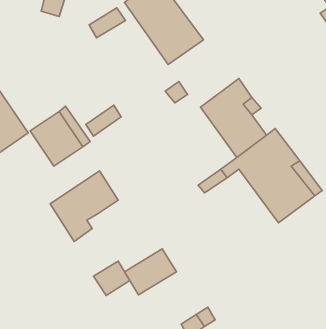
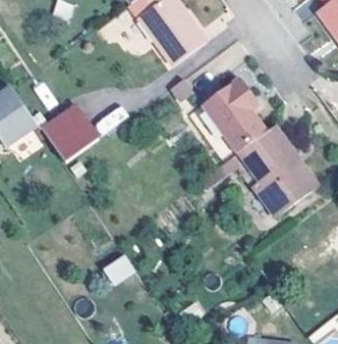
building: [50,171,118,241] -> none
building: [125,249,176,295] -> none

